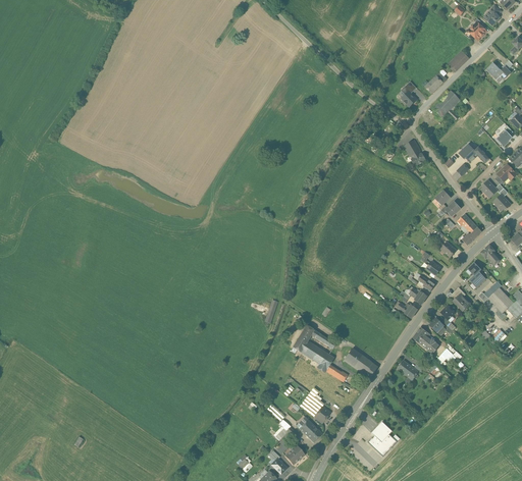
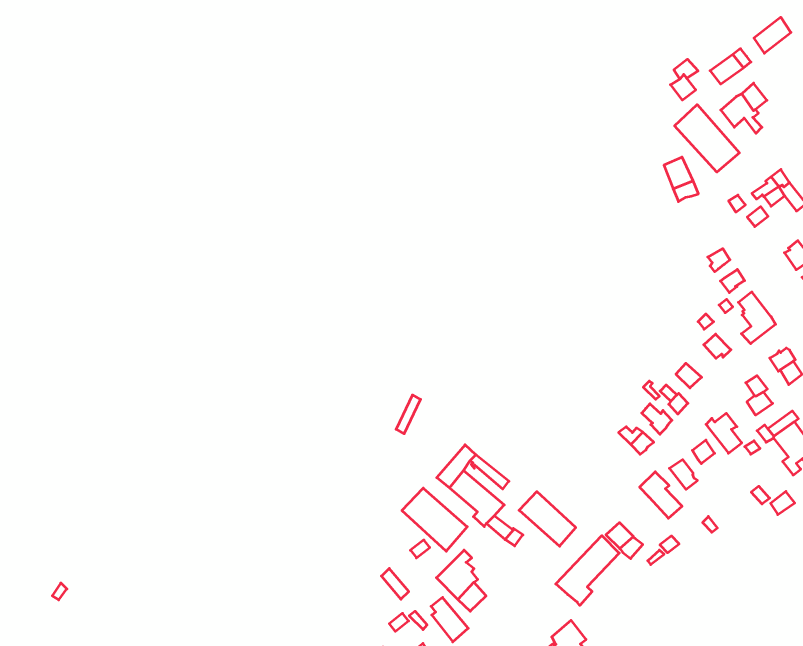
building: none -> [675,105,739,172]
building: none -> [402,488,467,551]
building: none -> [556,536,619,605]

